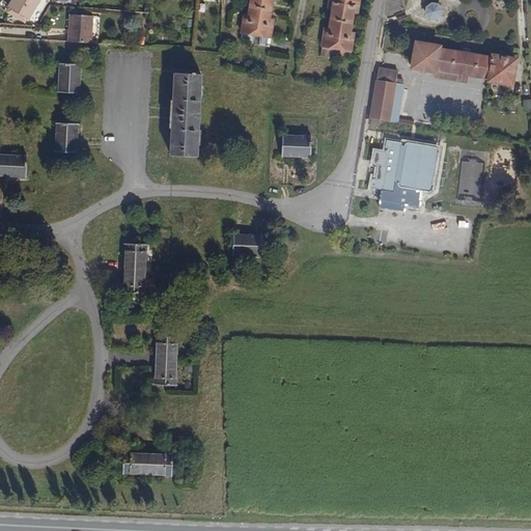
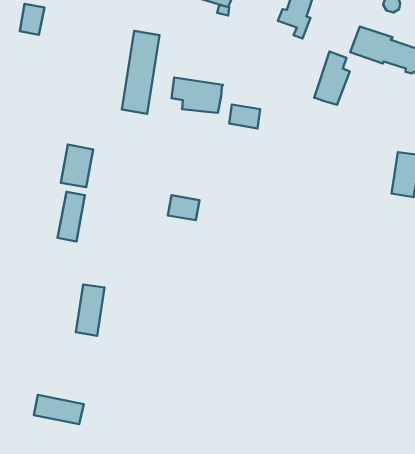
building: none -> [172,77,223,113]
building: [57,121,79,149] -> none
building: [366,137,434,204] -> none
building: none -> [61,145,93,187]

